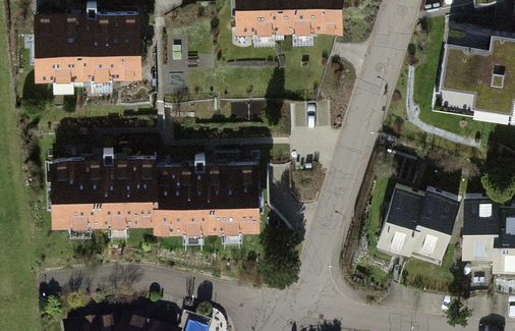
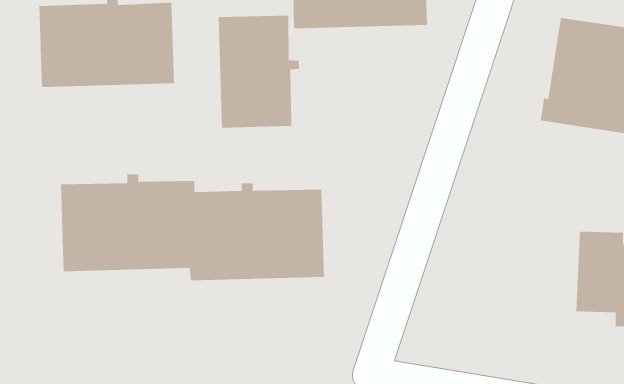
building: none -> [218,15,300,128]
building: [376,185,461,261] -> none

